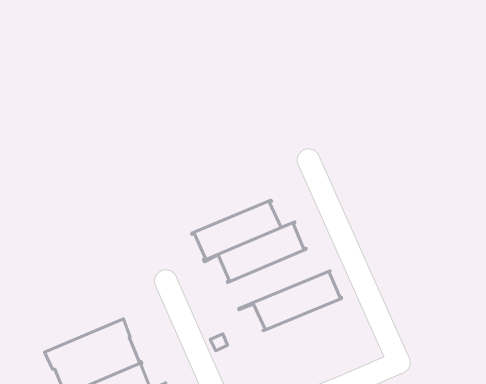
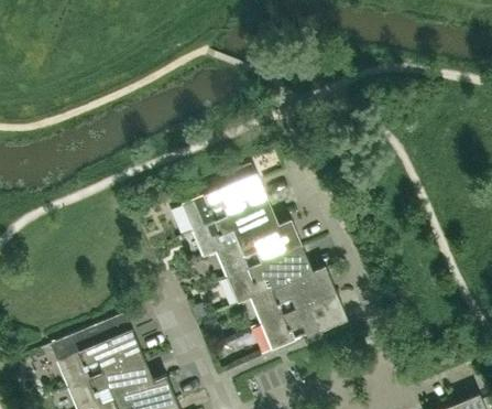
building: none -> [181,164,267,232]
building: none -> [226,247,325,304]
building: none -> [261,294,347,352]

